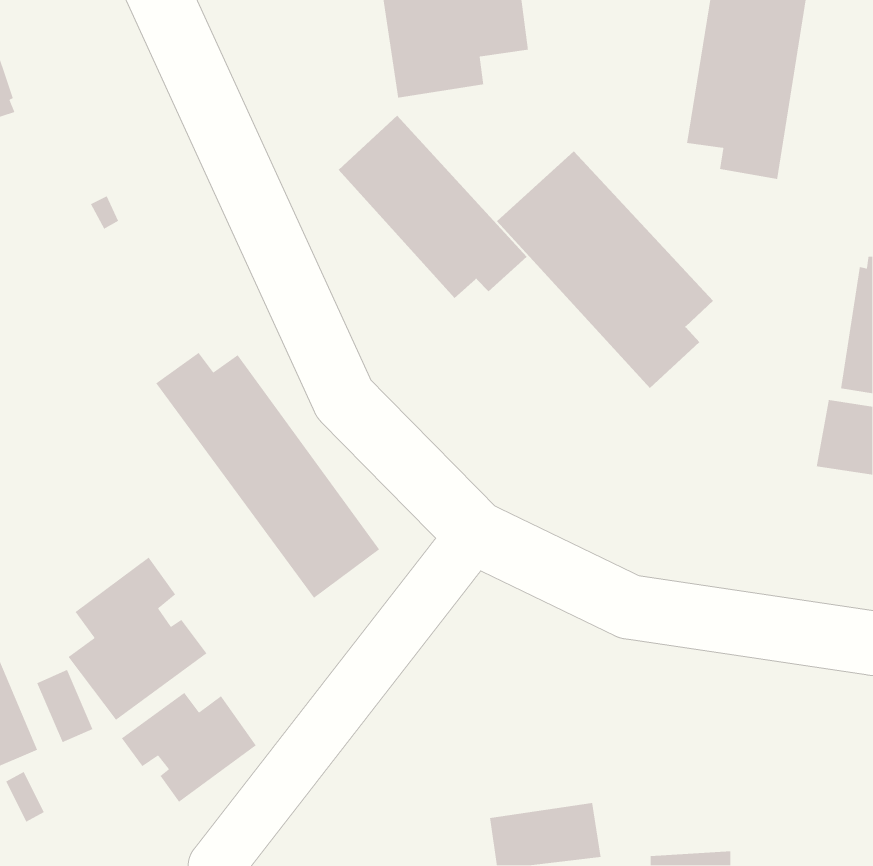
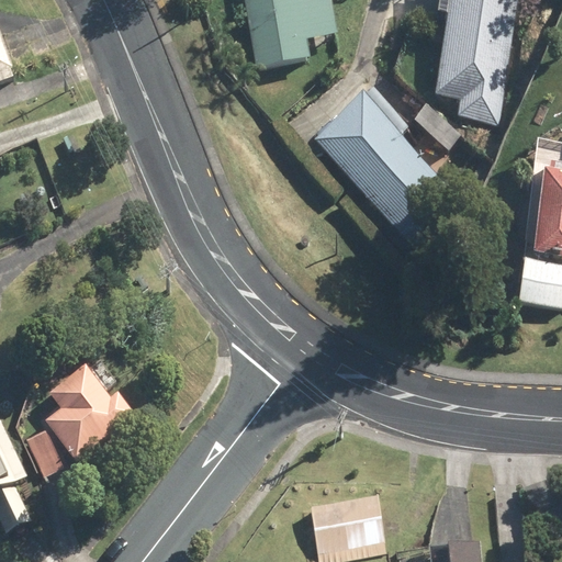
building: [338,115,527,299] -> none
building: [155,352,380,599] -> none
building: [121,692,257,803] -> none

